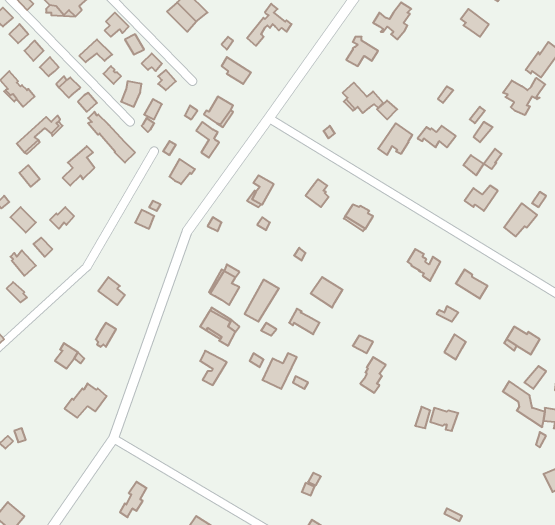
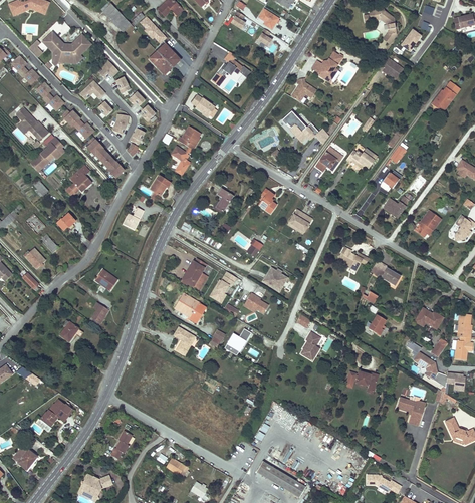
building: [503,78,545,115] -> none
building: [65,383,107,418] -> [40,399,73,426]
building: none -> [397,397,426,425]

